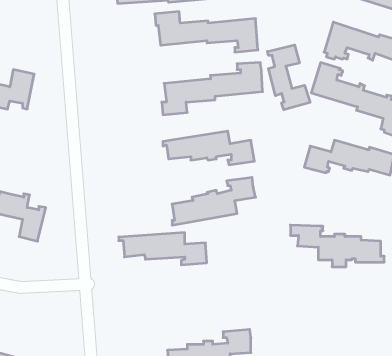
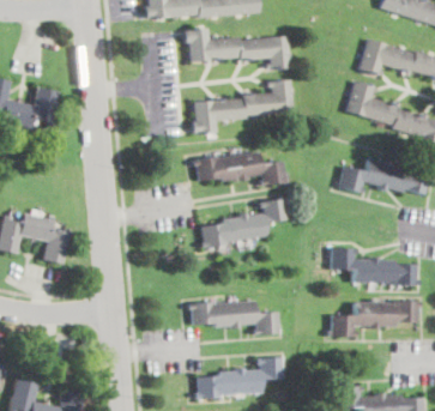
building: [267,45,310,110] -> none
building: [119,233,207,265] -> [186,300,277,333]
building: none -> [327,298,419,337]

